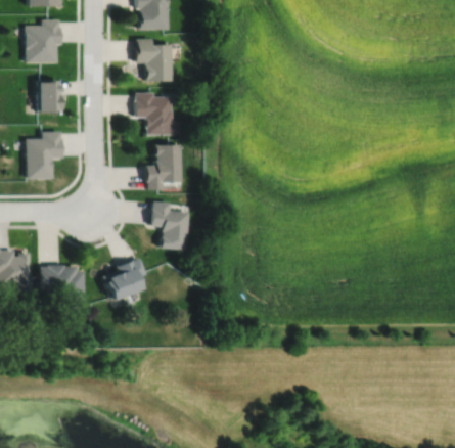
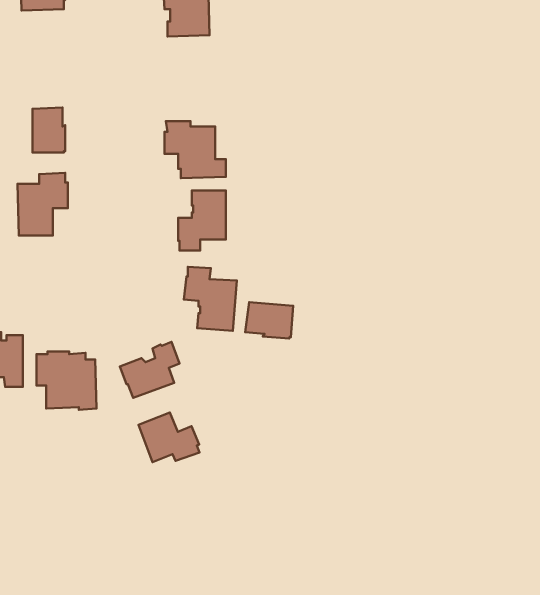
building: [25,20,60,64] -> none
building: [136,37,174,80] -> none
building: none -> [245,302,293,339]
building: none -> [139,412,199,462]

